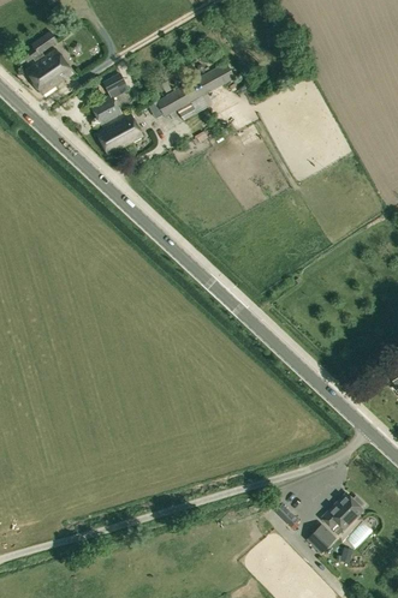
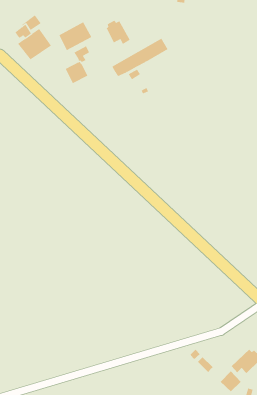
building: none -> [106,20,131,45]
building: [97,114,144,155] -> [59,21,92,51]

